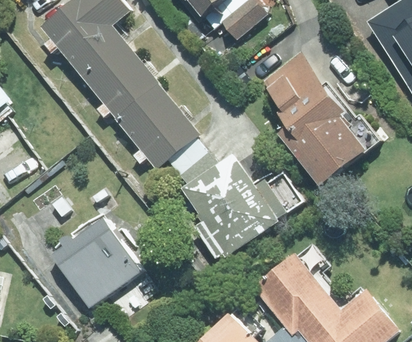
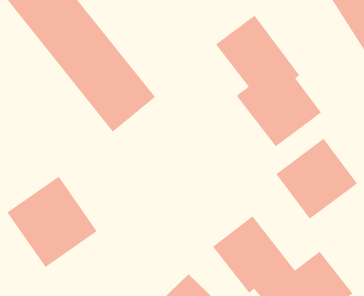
building: [179,153,290,261] -> none
building: none -> [276,138,358,220]

